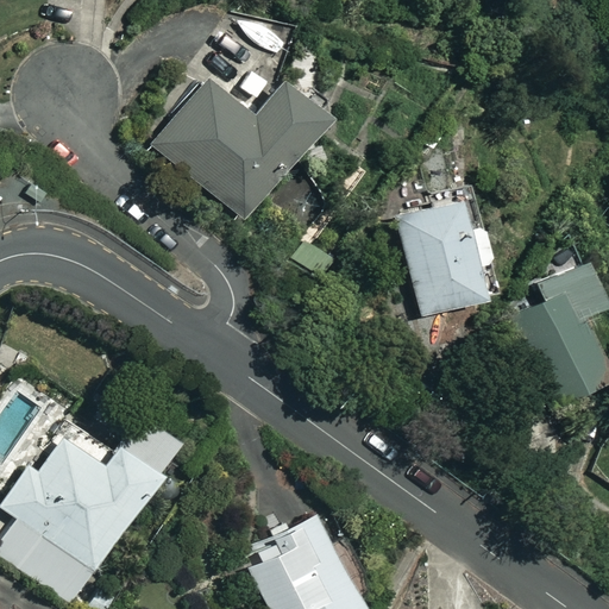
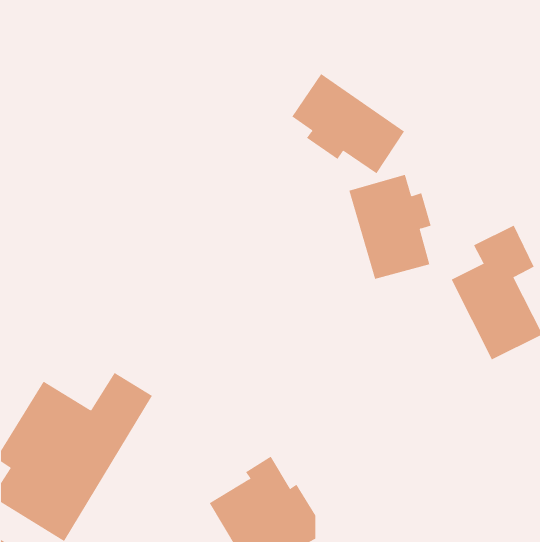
building: [159,82,324,214] -> none
building: none -> [291,73,405,174]

